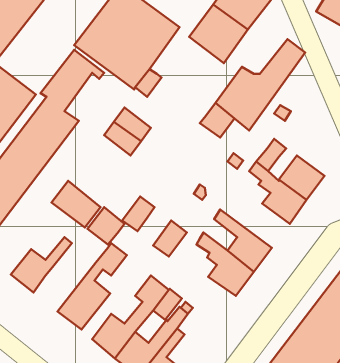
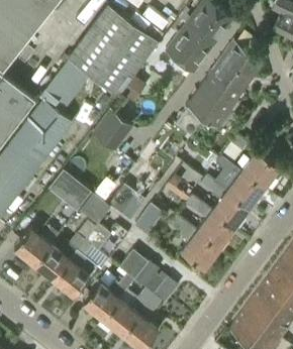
building: none -> [209,41,248,82]
building: none -> [191,176,250,228]
building: none -> [33,222,96,281]

